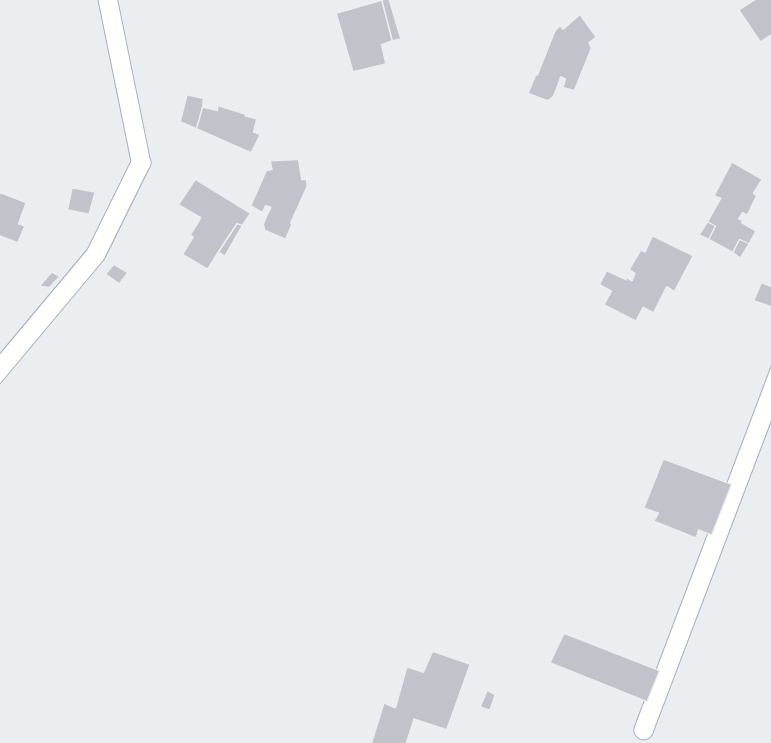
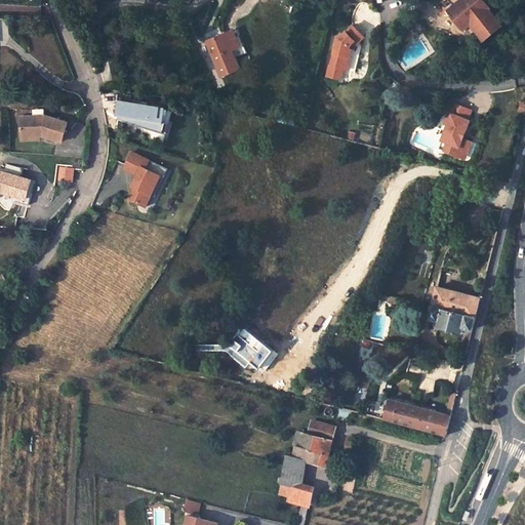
building: none -> [18,115,67,140]
building: [251,159,307,239] -> none
building: [600,236,693,321] -> none
building: none -> [220,326,275,371]

